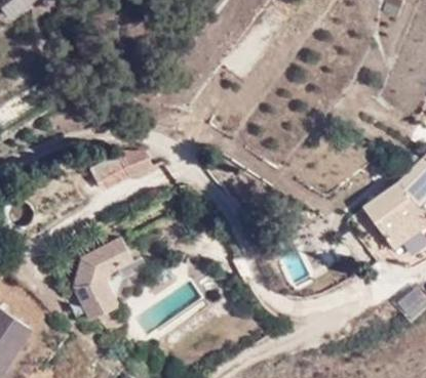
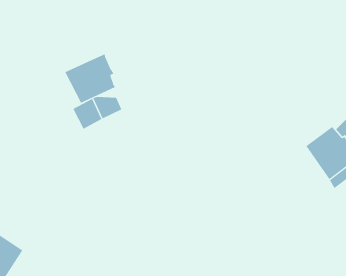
building: none -> [64,53,115,104]
building: [74,239,125,319] -> none

